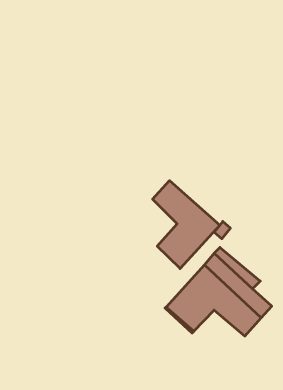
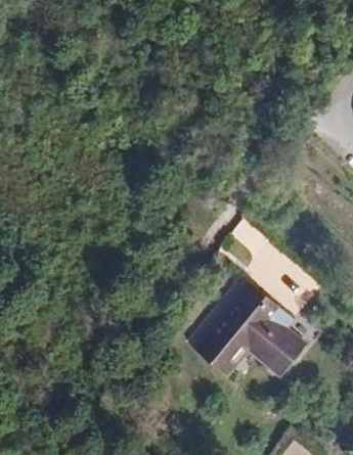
building: [153,181,220,269] -> none

